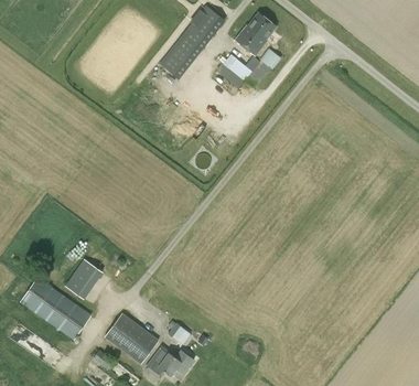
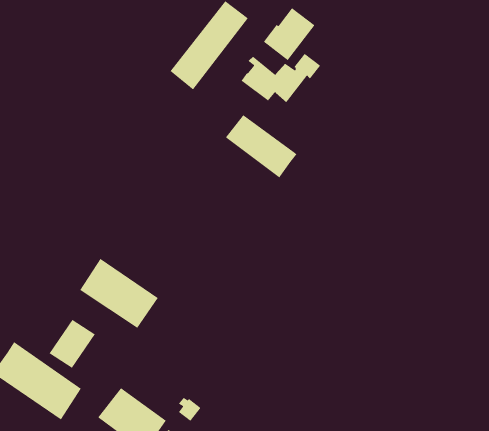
building: none -> [225,114,297,179]
building: none -> [79,258,159,329]

